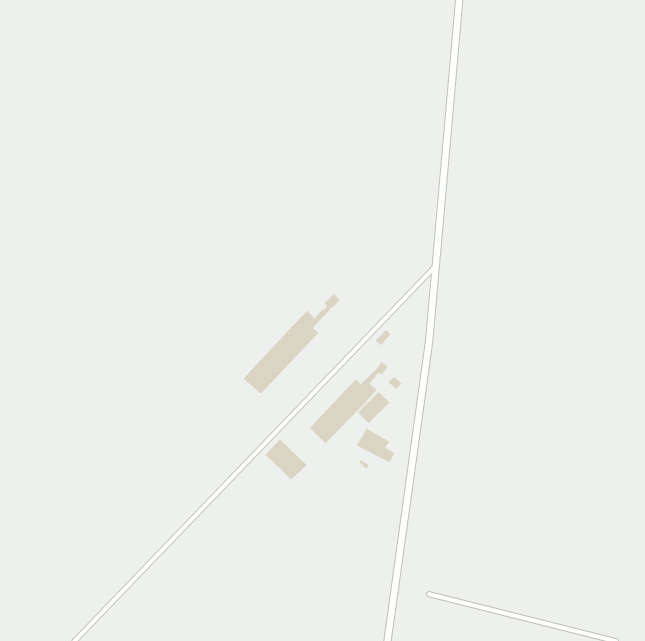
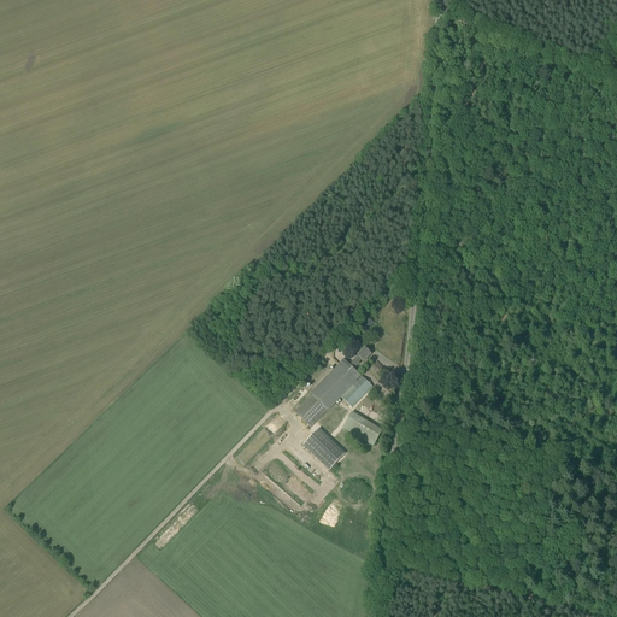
building: [243,293,341,394] -> none
building: [265,439,308,480] -> [304,427,345,466]

